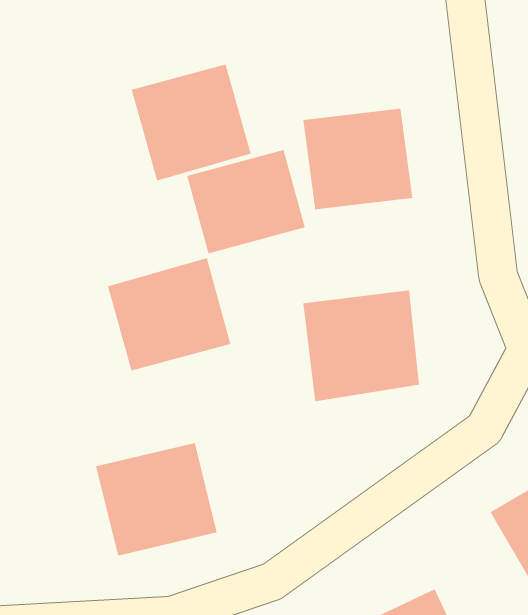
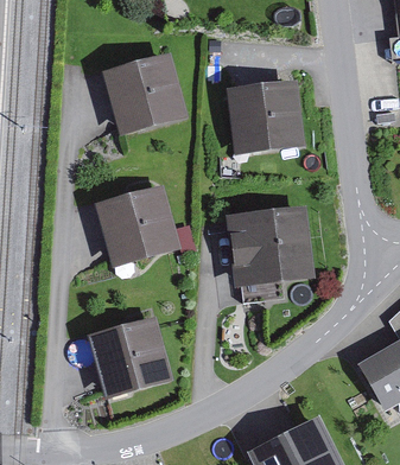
building: [186,149,306,254] -> none

